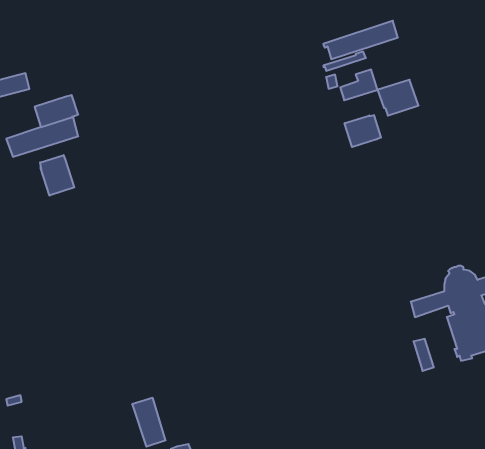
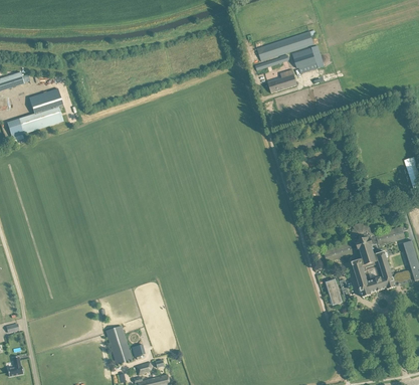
building: [377,80,419,116] -> [292,45,325,73]
building: [345,115,381,147] -> none
building: [40,155,74,196] -> none

